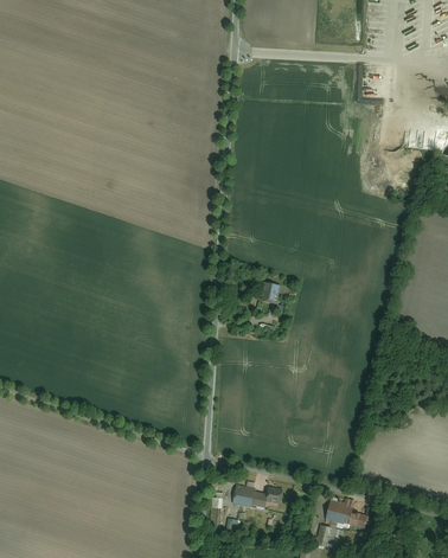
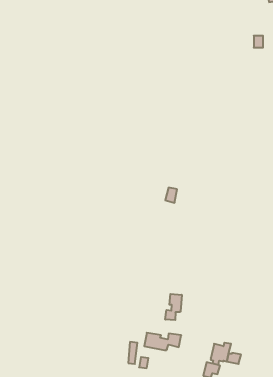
building: none -> [165,294,182,320]

